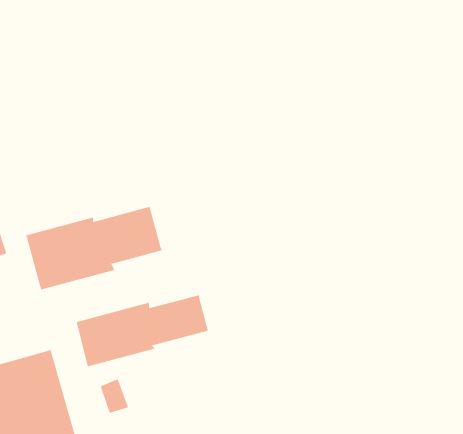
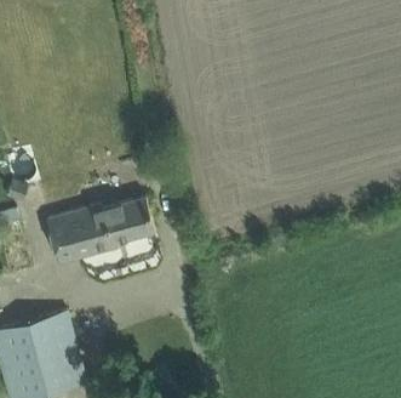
building: [76,294,209,367] -> none

